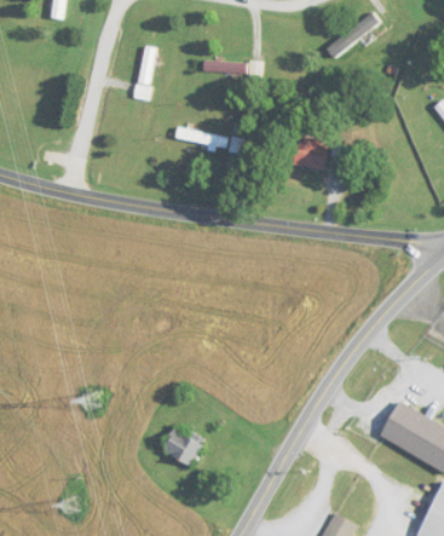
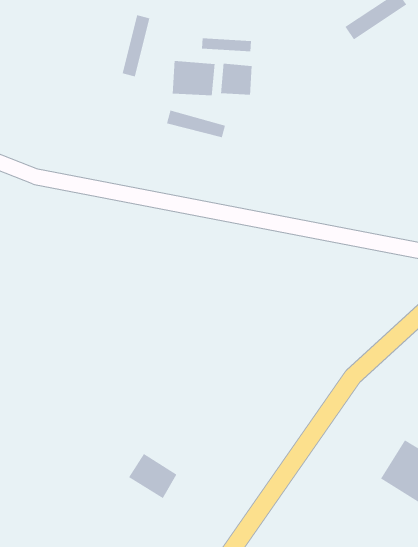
building: none -> [221,63,252,95]
building: none -> [172,60,215,96]
building: [292,136,329,173] -> none

